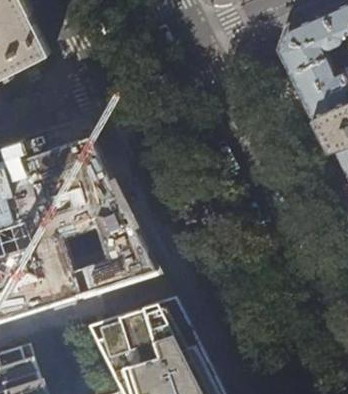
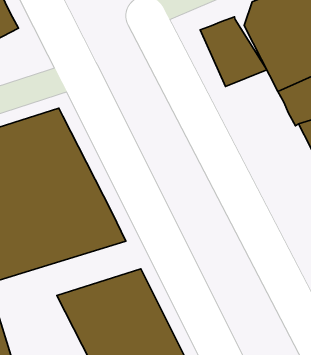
building: none -> [200,17,267,87]

